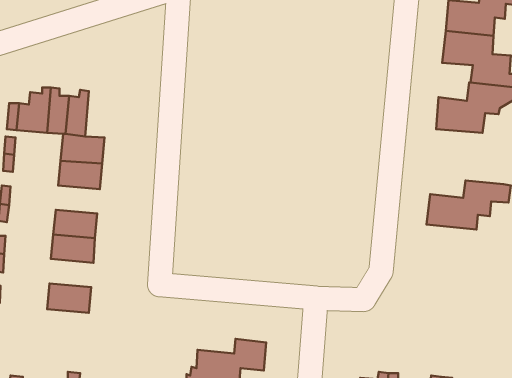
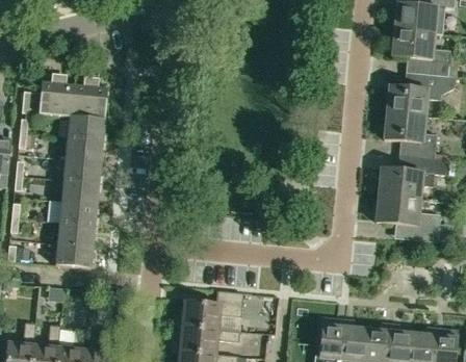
building: none -> [87,81,107,121]
building: none -> [384,113,443,160]
building: none -> [62,161,100,185]
building: none -> [376,195,440,242]
building: none -> [57,224,95,248]

